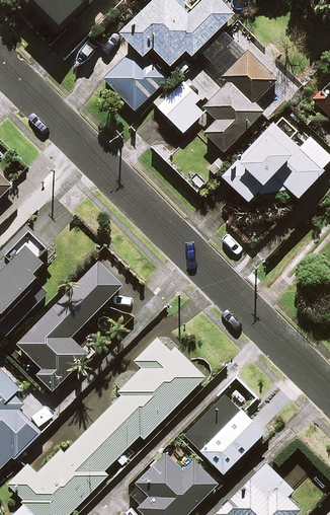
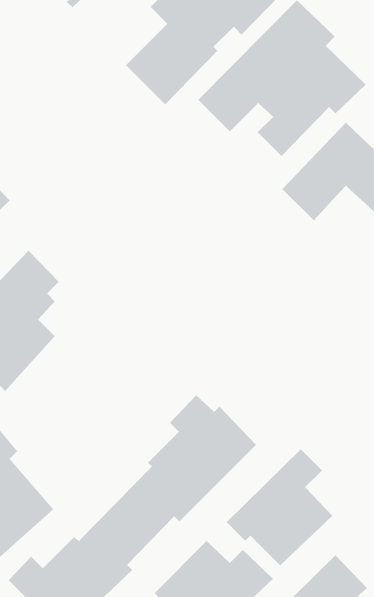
building: [17,263,121,391] -> none

